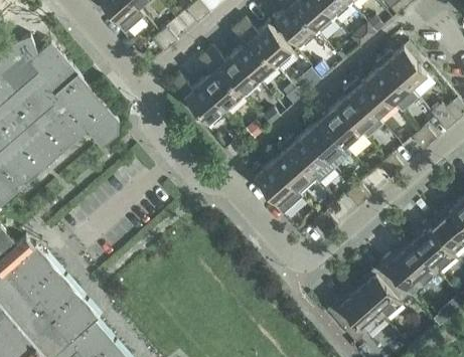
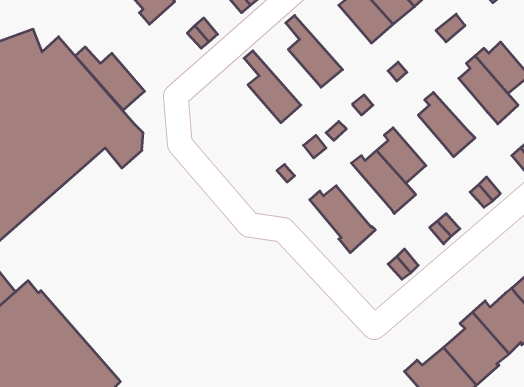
building: [239,18,294,68] -> none
building: [205,47,260,97] -> none
building: [172,75,227,126] -> [75,47,145,110]
building: [349,75,393,117] -> none
building: [317,105,359,145] -> none
building: [272,143,316,194] -> none

